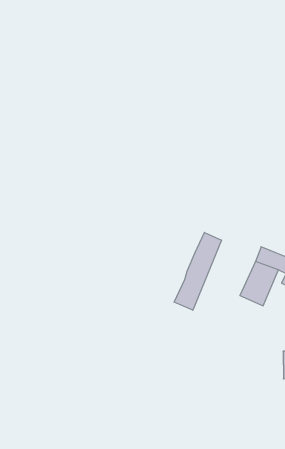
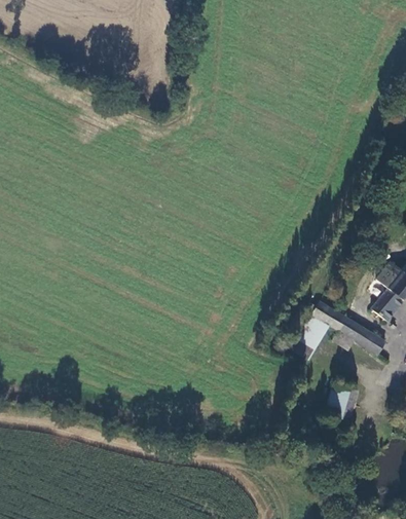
building: [174,232,221,310] -> none

